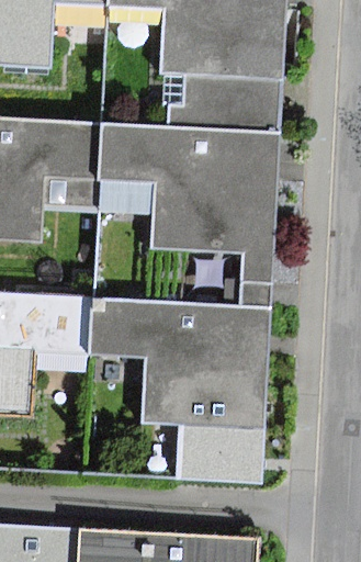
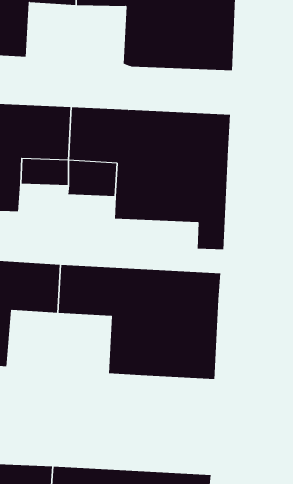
building: [166,77,283,131] -> none
building: [176,425,263,487] -> none

